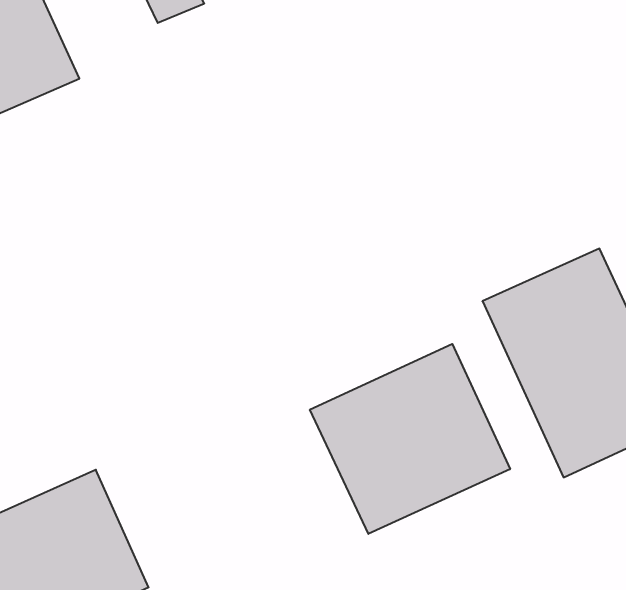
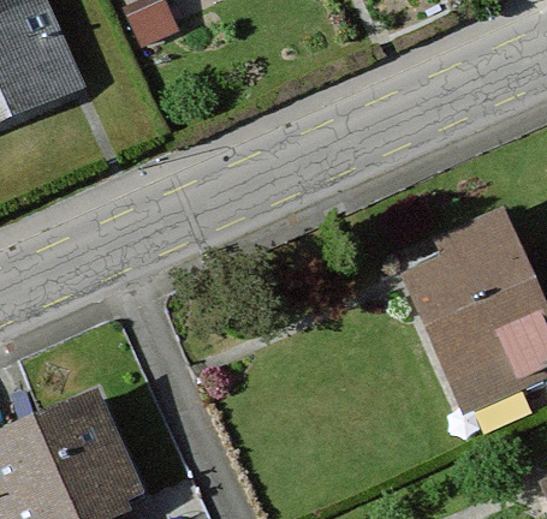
building: [310,344,510,534] -> none

